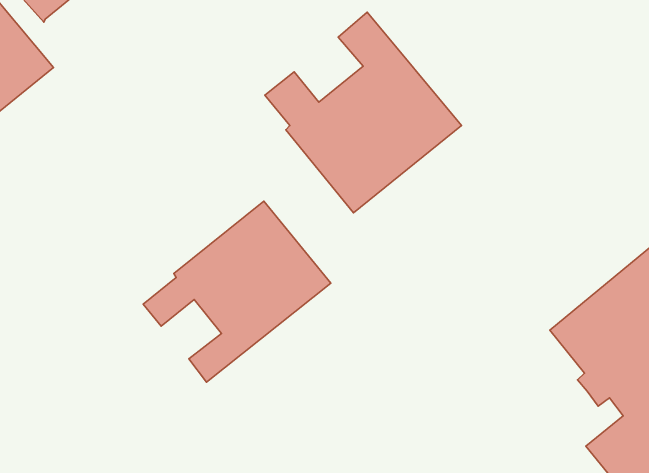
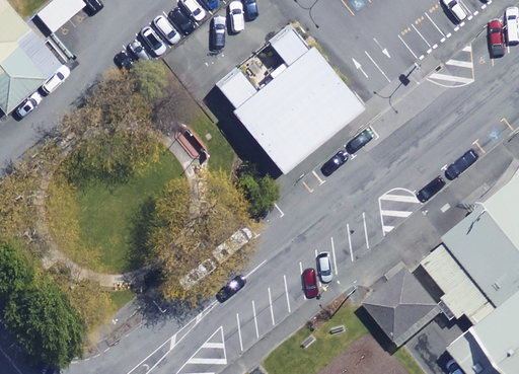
building: [143,201,331,382] -> none
building: none -> [366,263,447,343]

